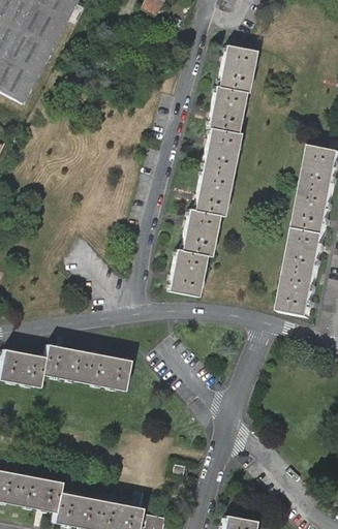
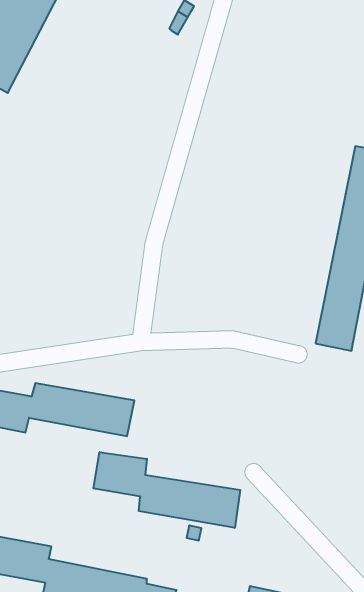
building: [166,44,253,294] -> none
building: none -> [93,452,240,528]

